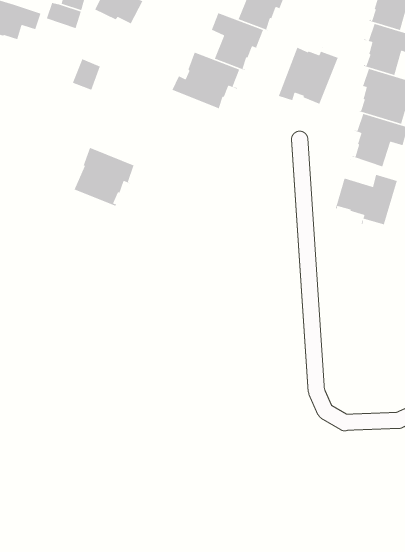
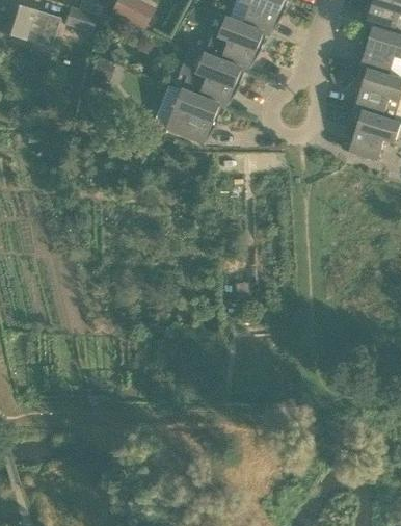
building: [278,45,340,105] -> none
building: [74,147,140,207] -> [165,86,226,141]
building: [335,158,398,231] -> none

